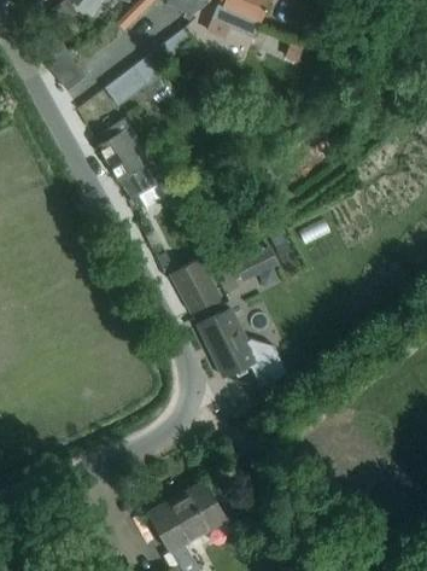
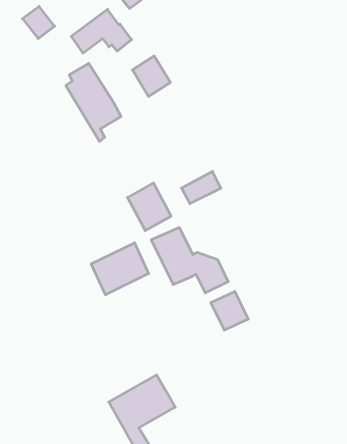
building: none -> [132,56,170,96]
building: none -> [91,243,149,295]
building: none -> [211,291,248,330]

